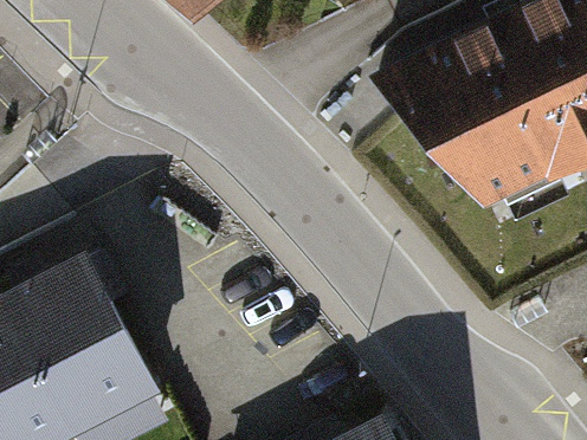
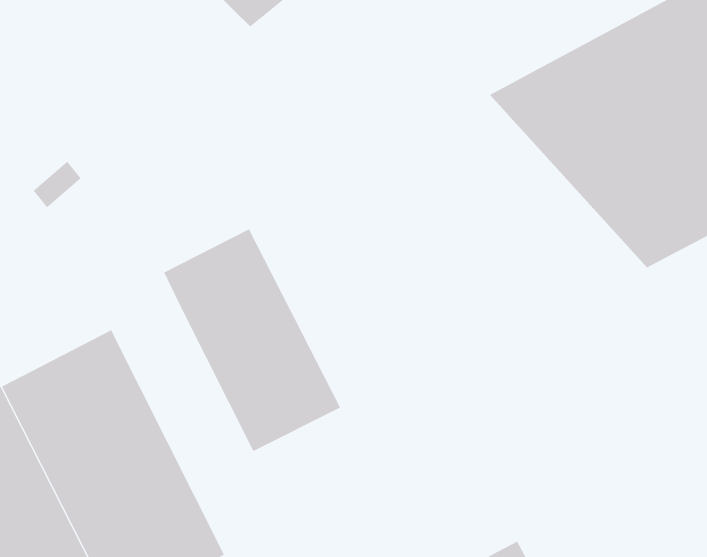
building: none -> [163,229,341,452]

